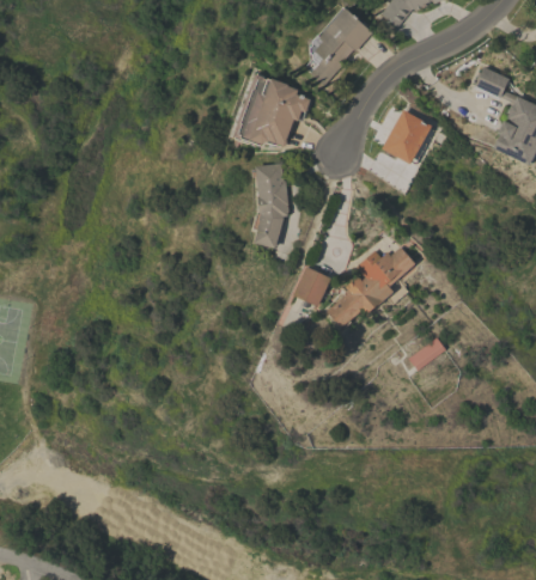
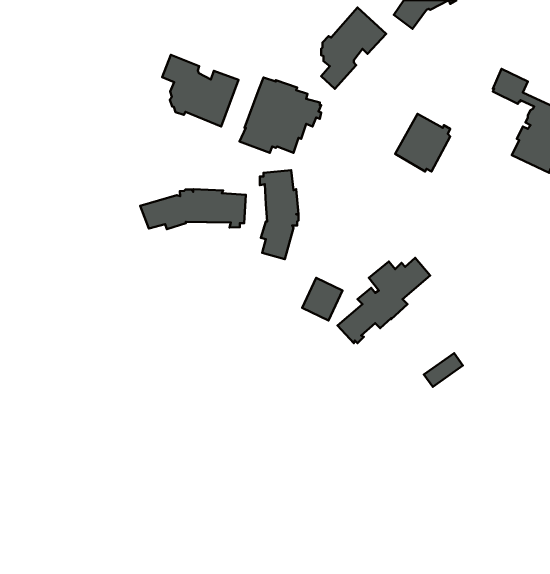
building: none -> [162,55,239,126]
building: none -> [140,189,246,229]

